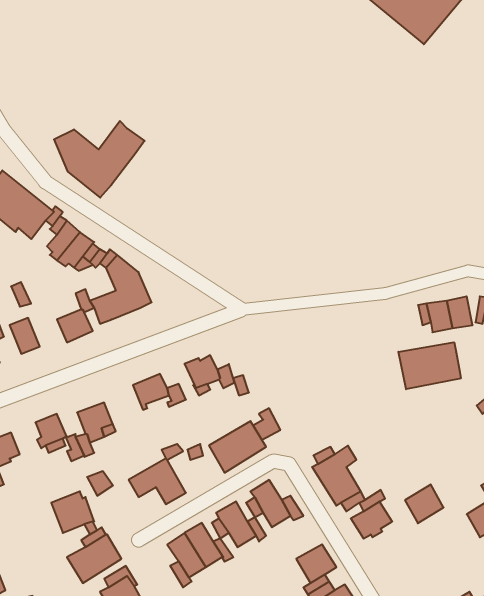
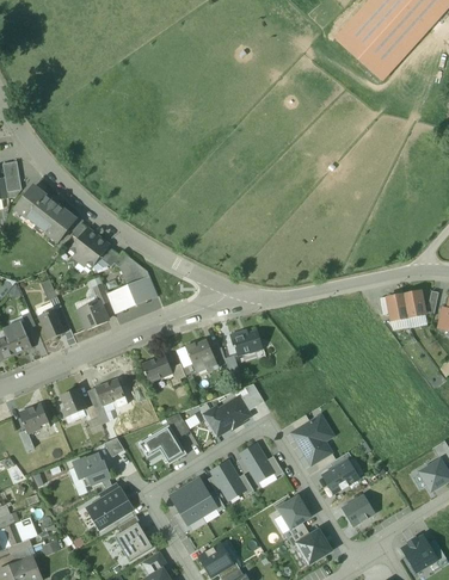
building: [54,121,145,198] -> none
building: [398,342,461,389] -> none
building: none -> [229,331,262,354]
building: [405,484,444,523] -> [342,495,374,527]

